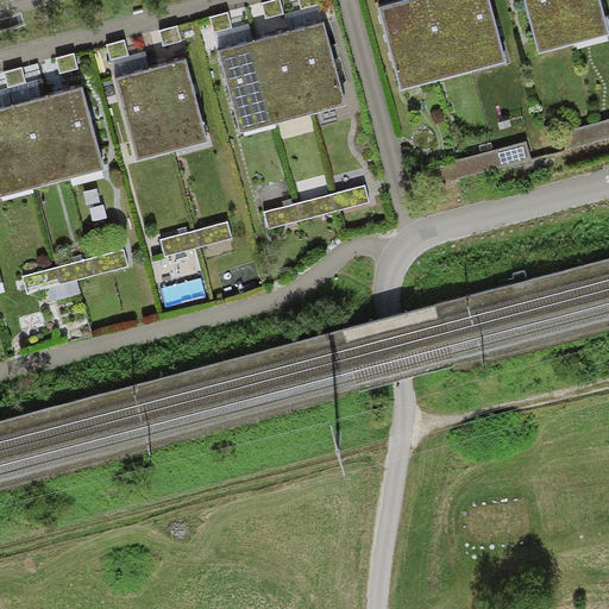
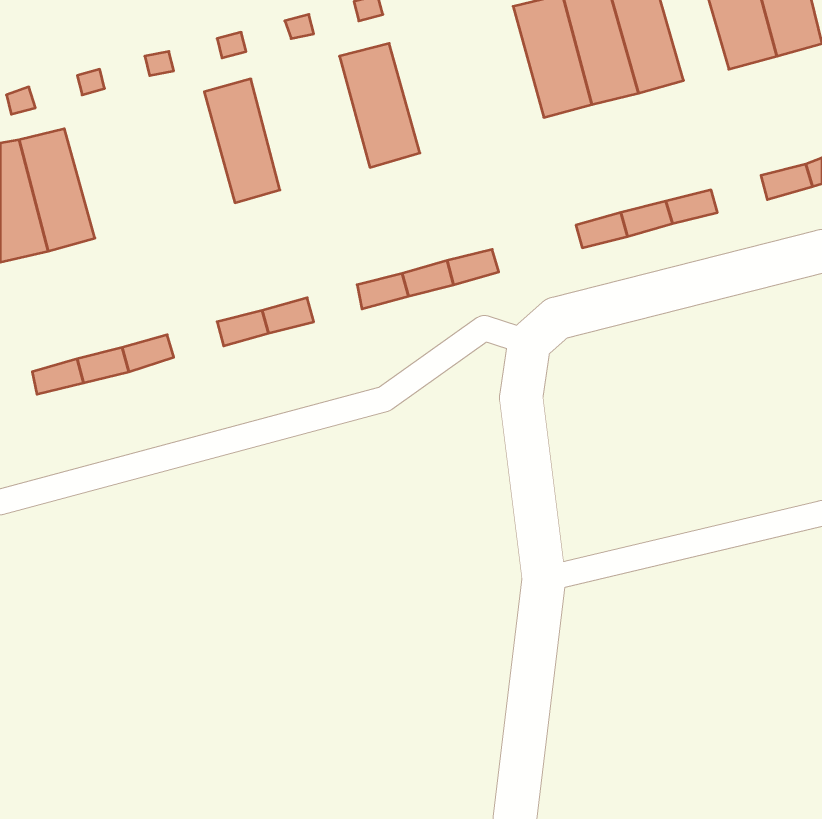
building: [288,21,346,113] -> none
building: [220,42,274,132] -> none
building: [114,68,174,159] -> none
building: [48,86,103,176] -> none

